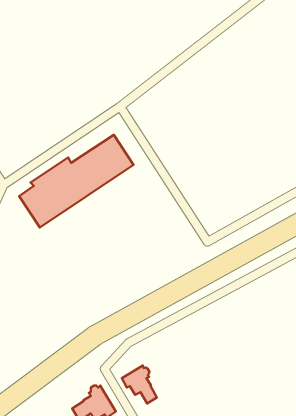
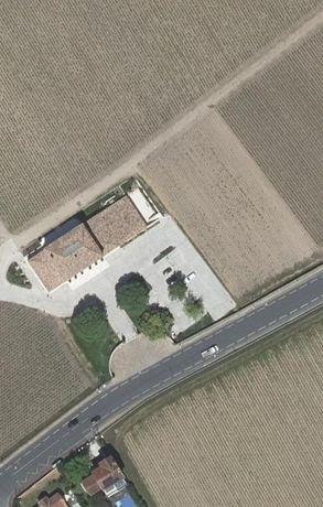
building: [122,366,157,403] -> none

